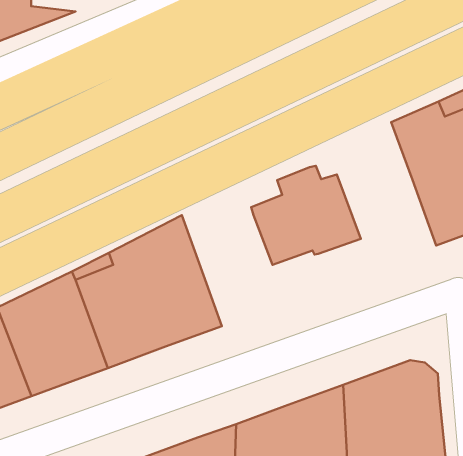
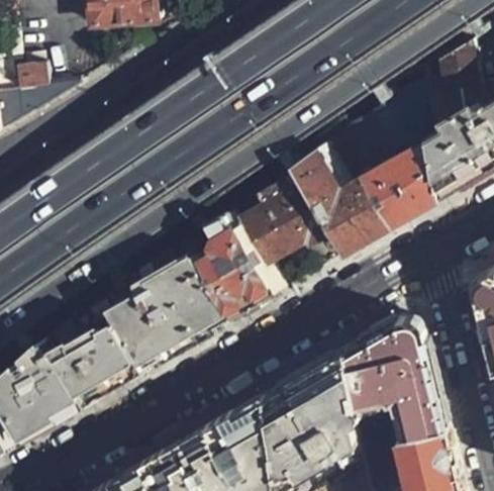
building: none -> [296,151,395,256]
building: none -> [206,217,282,321]

